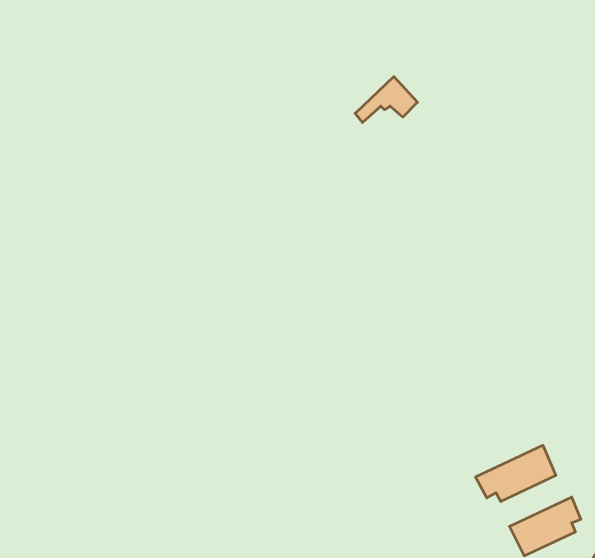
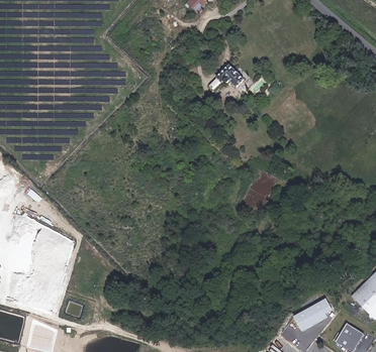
building: [476,445,556,502] -> none

